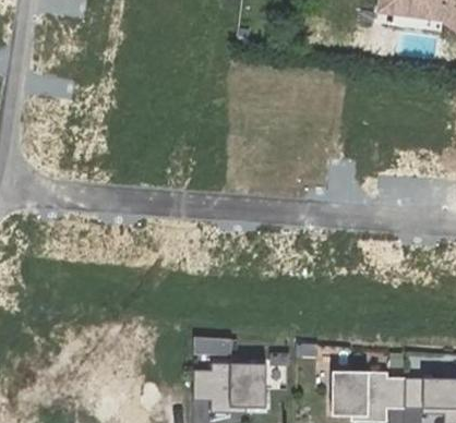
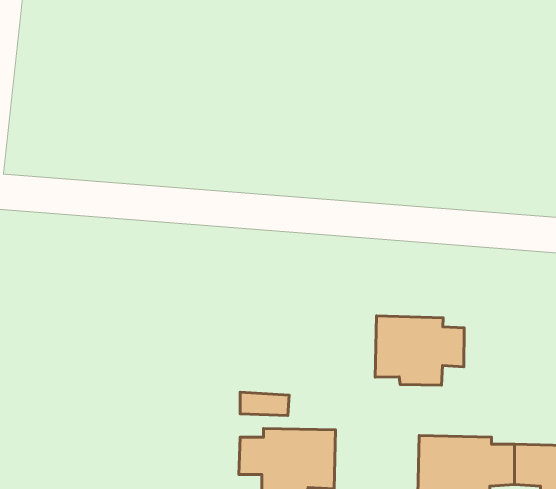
building: none -> [375,316,464,385]

